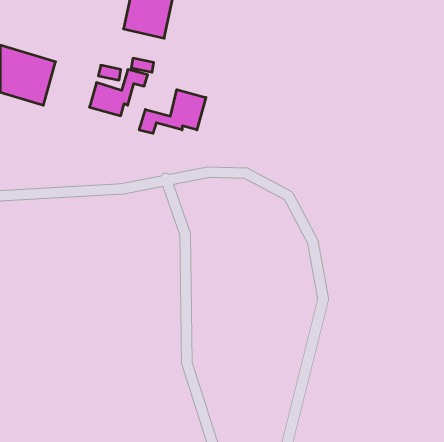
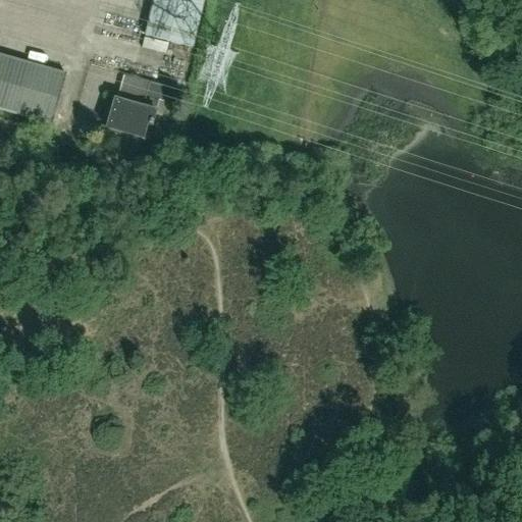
building: [139,90,206,133] -> none

